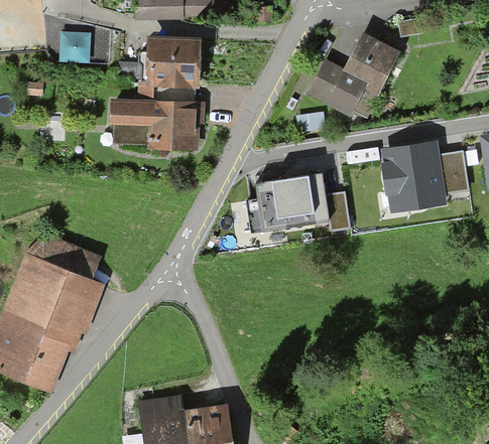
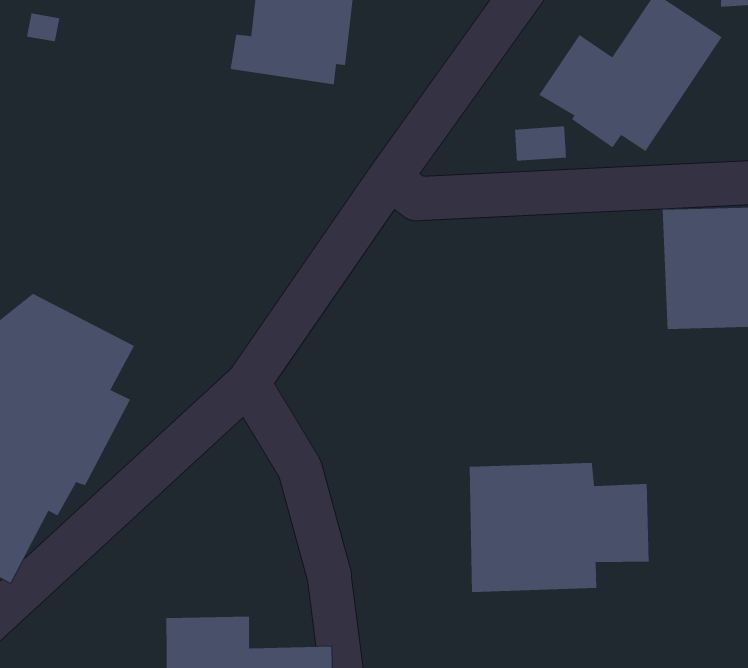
building: [111,100,205,152] -> none
building: [245,171,350,234] -> none
building: none -> [469,462,649,593]

